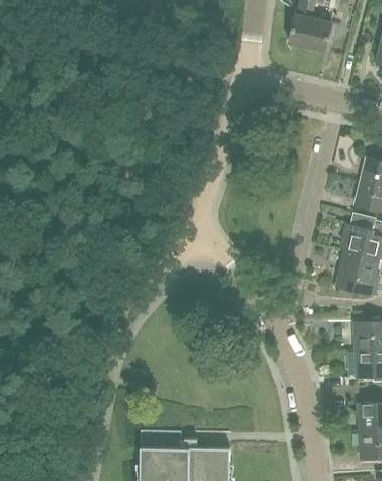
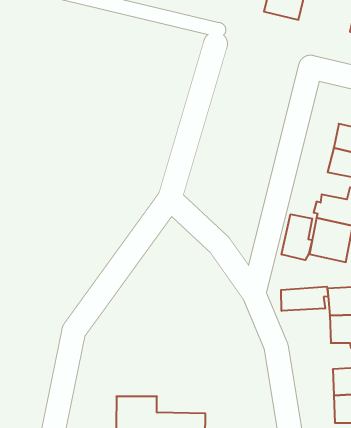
building: none -> [282,214,312,260]
building: none -> [281,287,328,311]

